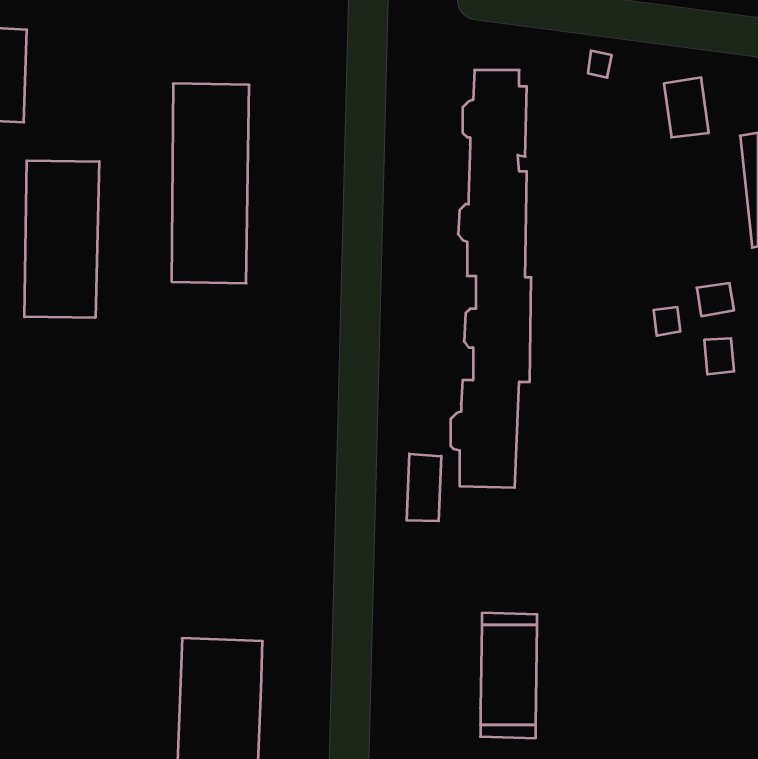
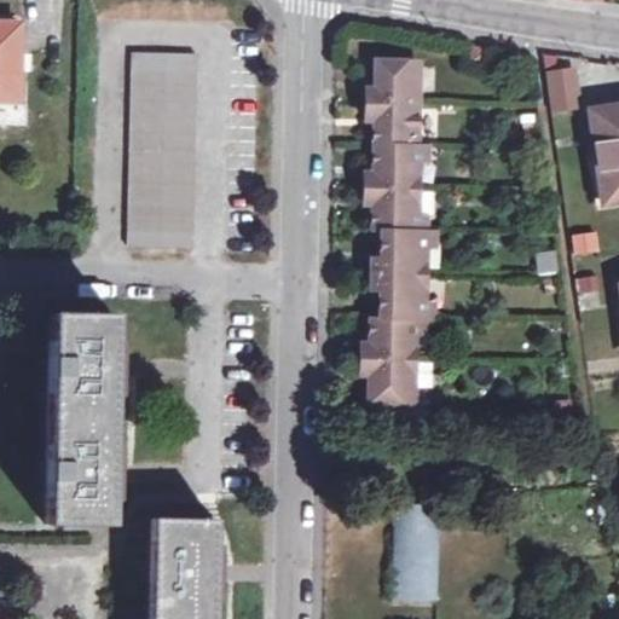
building: [24,161,99,318] -> none
building: none -> [41,313,109,523]
building: [407,454,441,521] -> none

